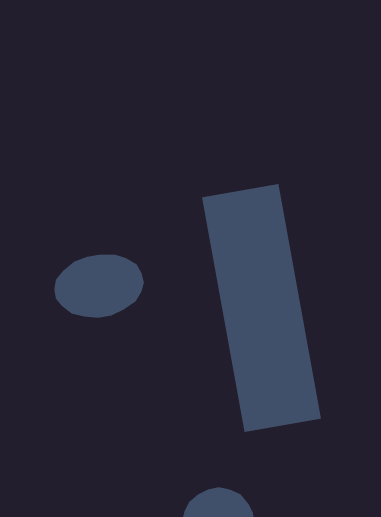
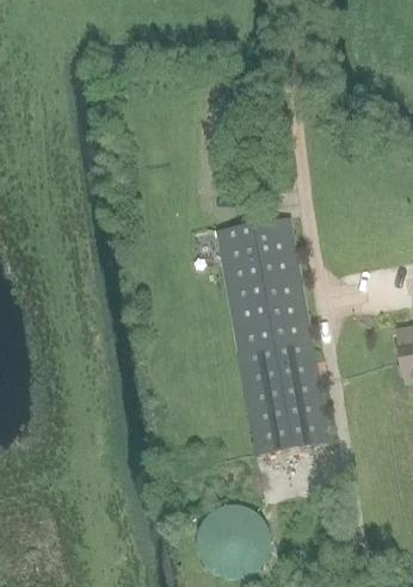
building: [54,254,144,319] -> none

